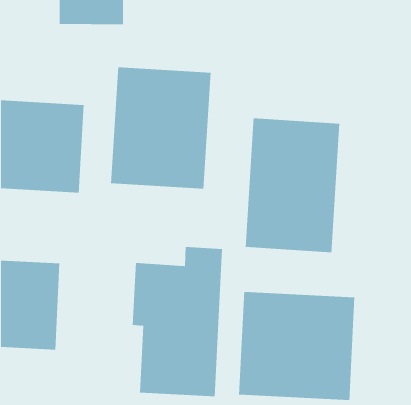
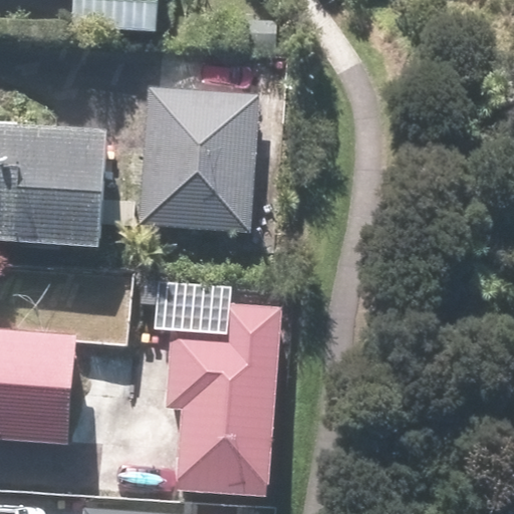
building: [245,117,340,253] -> none
building: [239,291,355,401] -> none

